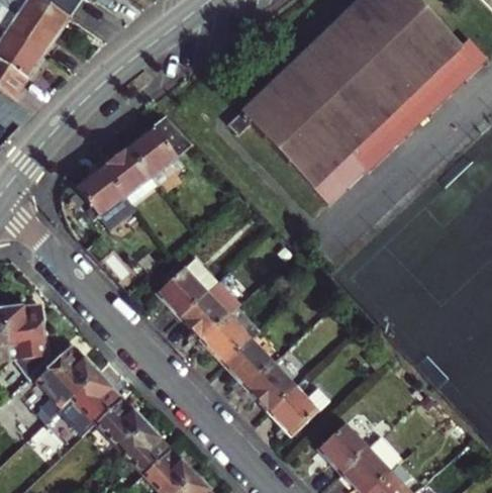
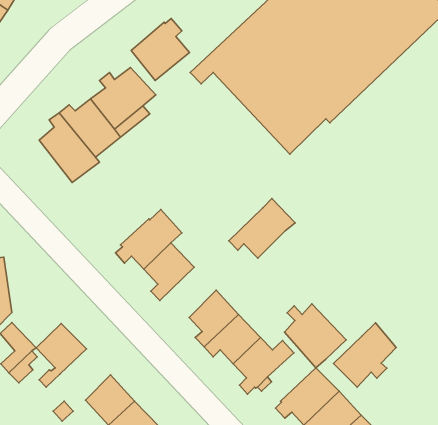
building: none -> [131,19,189,81]
building: [196,306,263,366] -> [229,199,295,258]
building: [47,347,97,396] -> none
building: none -> [284,304,346,368]
building: none -> [334,323,396,387]
building: [96,397,146,449] -> none

